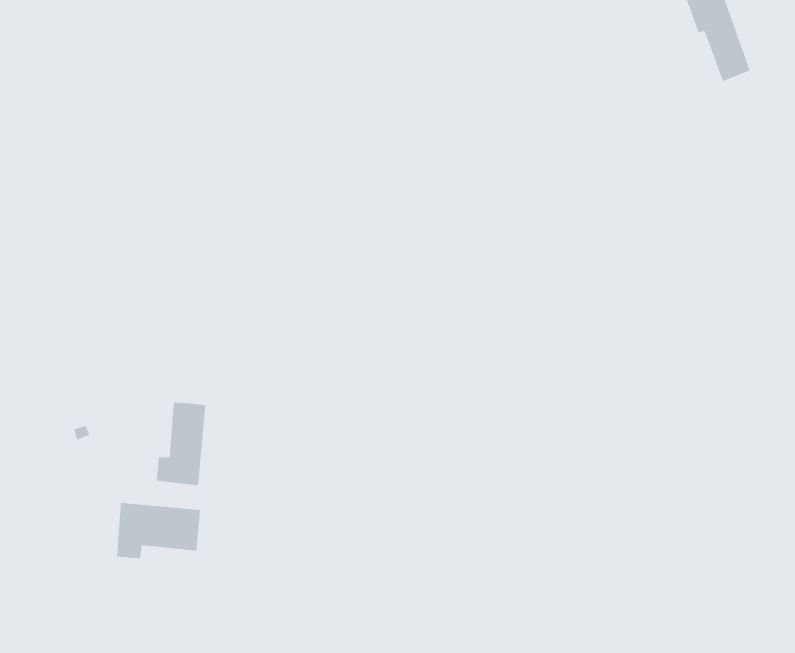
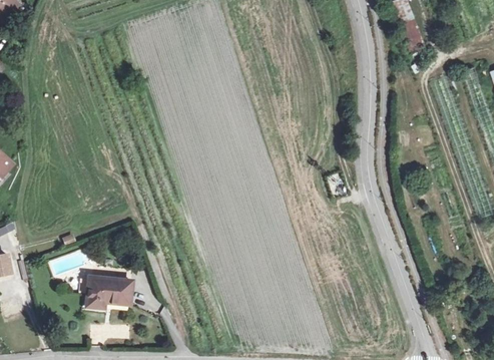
building: [156,402,206,486] -> none

